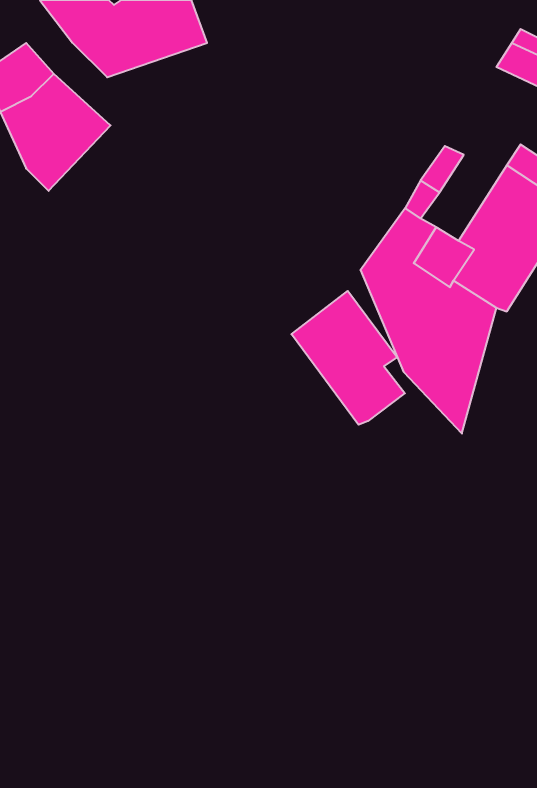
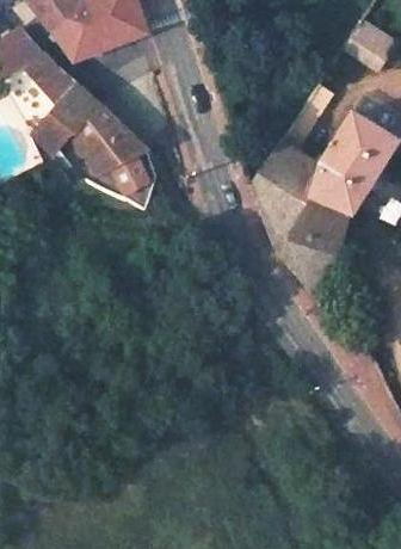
building: none -> [36,87,158,211]
building: [291,291,405,425] -> none

